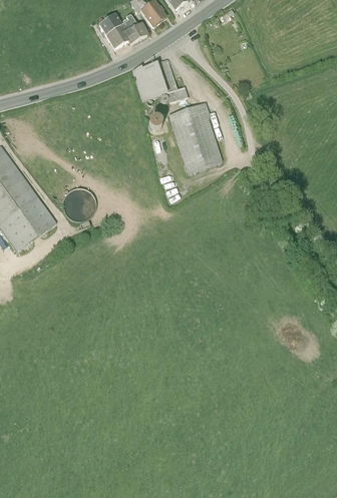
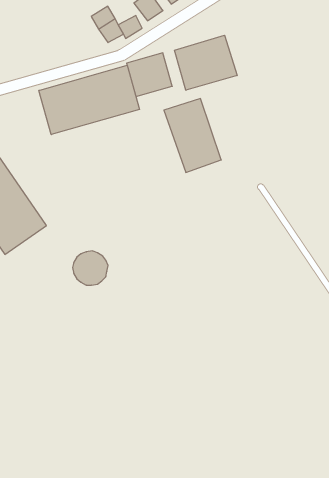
building: none -> [174,35,237,90]
building: none -> [39,65,139,135]
building: [62,186,96,219] -> [73,251,108,285]

